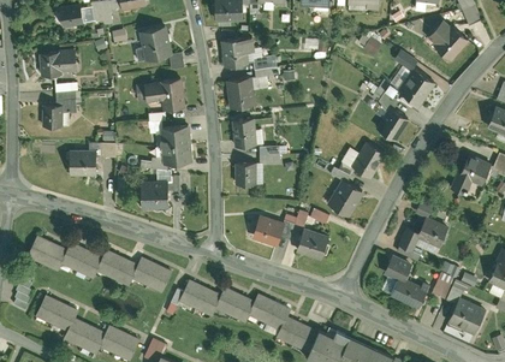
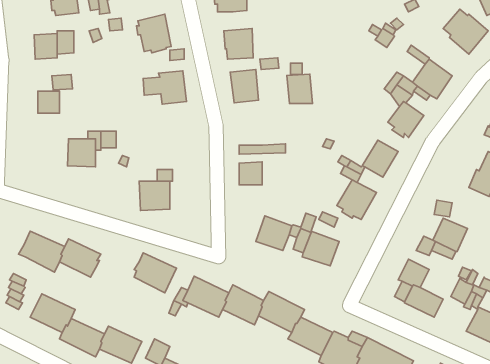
building: [232,123,256,150] -> [287,74,313,104]
building: [160,127,192,167] -> none
building: [100,244,141,281] -> none

